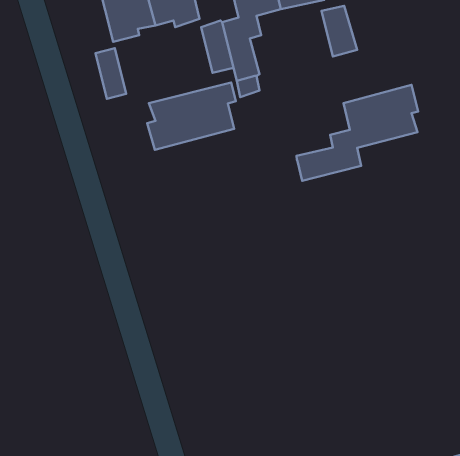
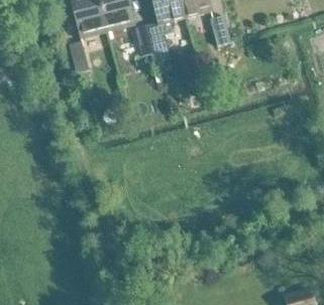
building: [147,83,236,150] -> none
building: [297,85,418,181] -> none

